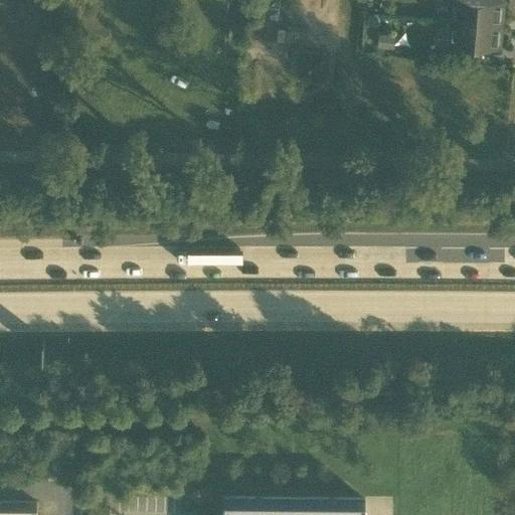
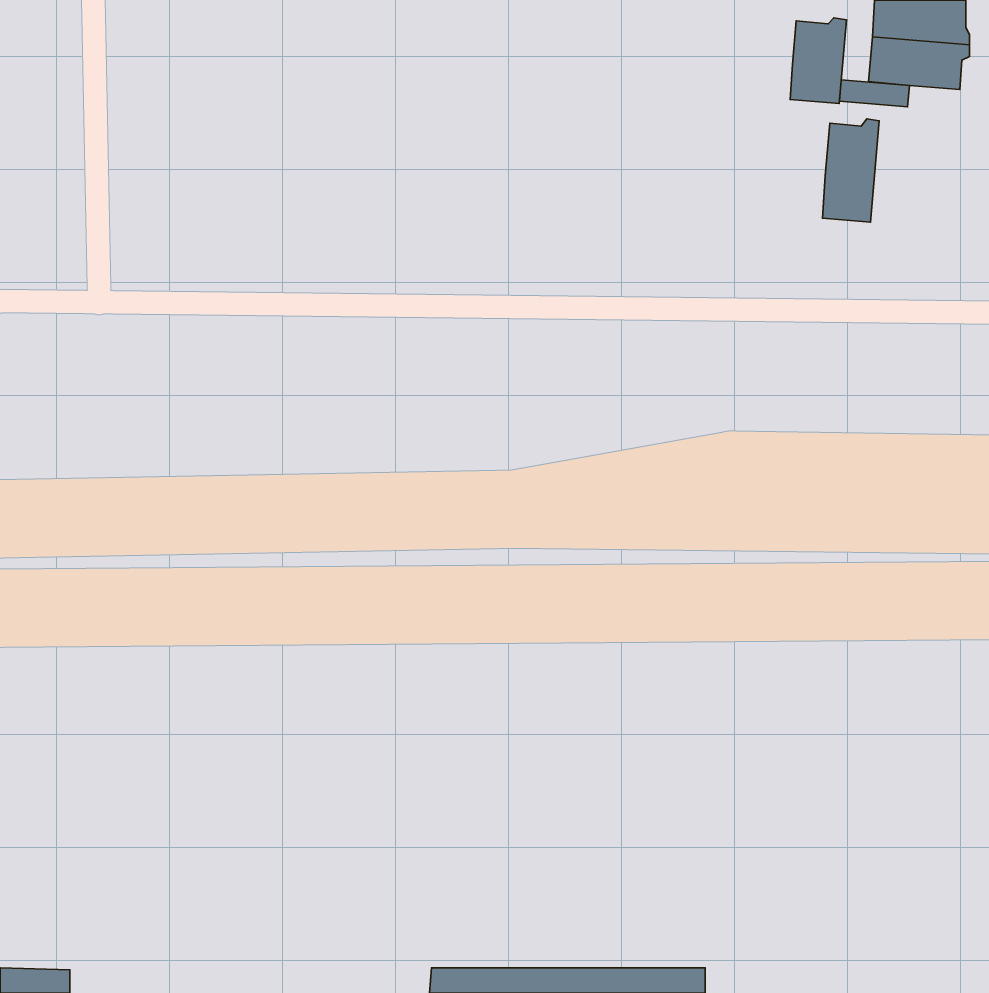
building: none -> [790,18,846,104]
building: none -> [822,119,879,222]

